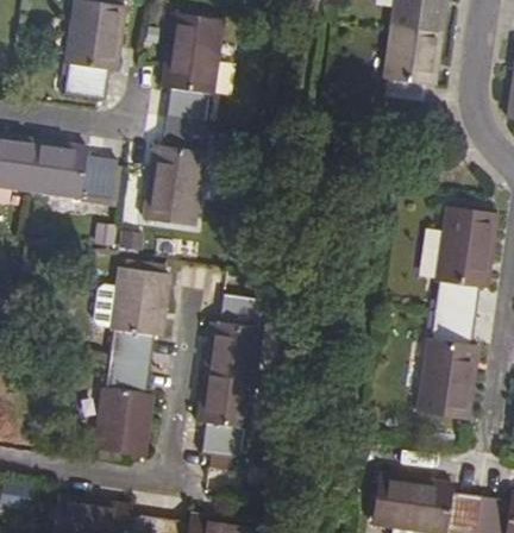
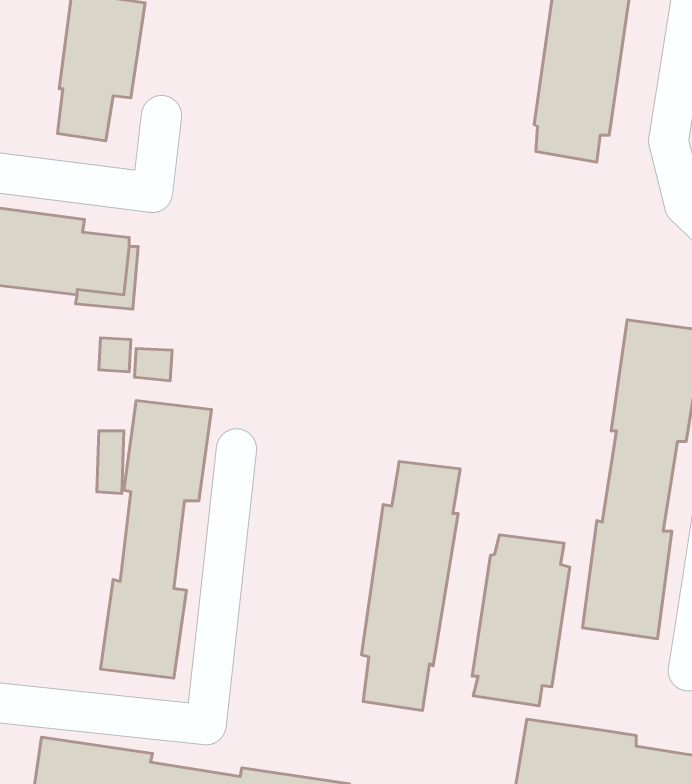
building: [142,10,222,222] -> none
building: [199,294,264,459] -> [362,462,460,711]
building: none -> [472,535,570,706]

